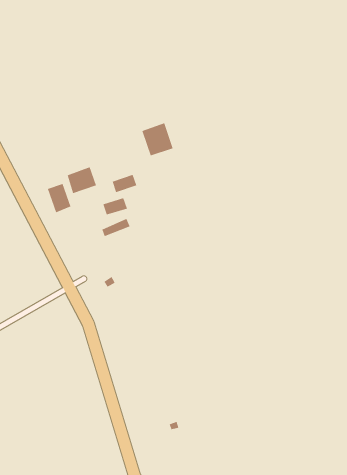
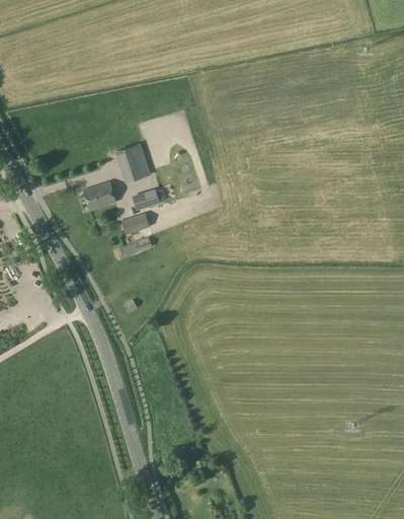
building: [142,122,173,156] -> [115,142,150,178]
building: [47,183,71,213] -> none

